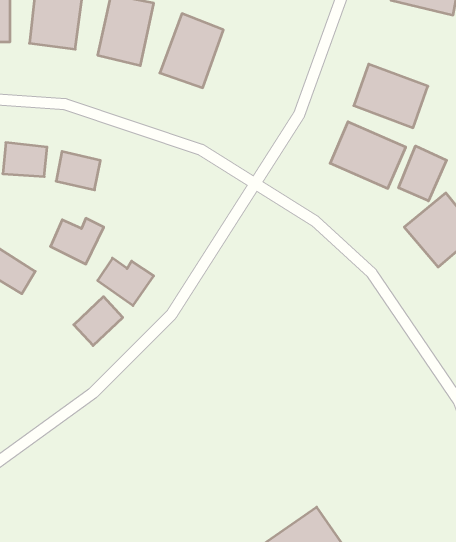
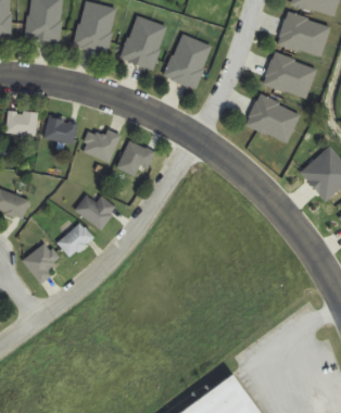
building: none -> [276,12,330,58]
building: none -> [164,34,211,88]
building: [399,146,447,201] -> none
building: none -> [115,139,152,179]
building: [50,218,104,264] -> [80,129,119,163]
building: none -> [22,242,59,284]

